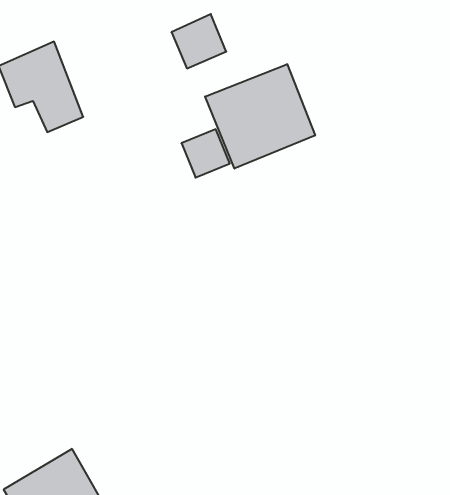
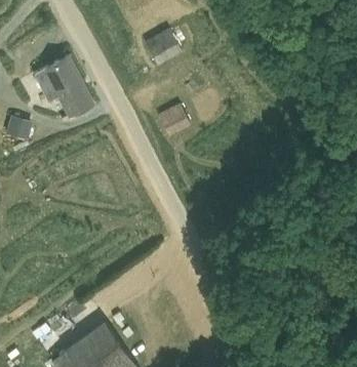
building: [205,64,315,169] -> none

